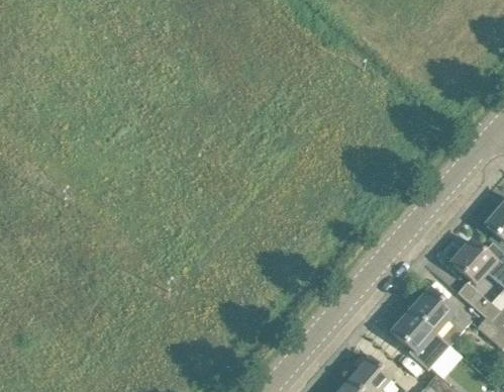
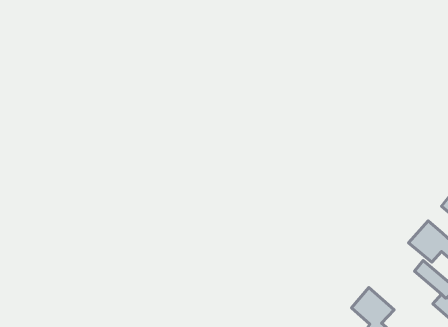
building: [410,288,472,344] -> none

